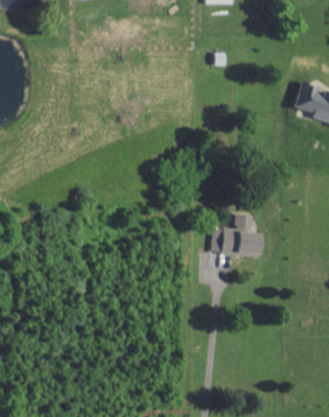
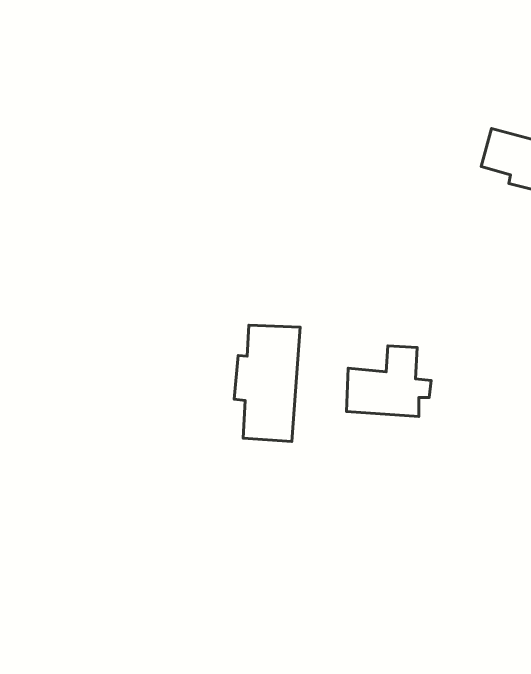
building: none -> [234,325,300,442]

